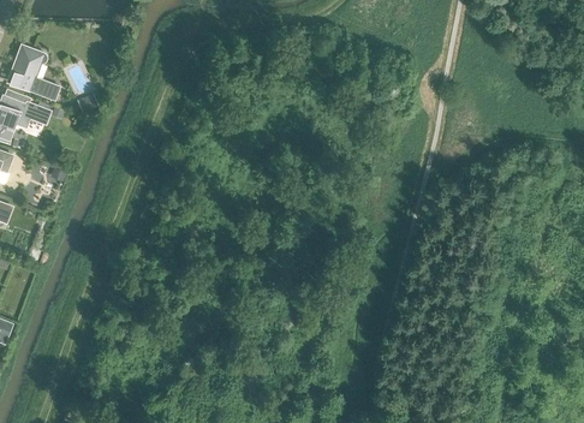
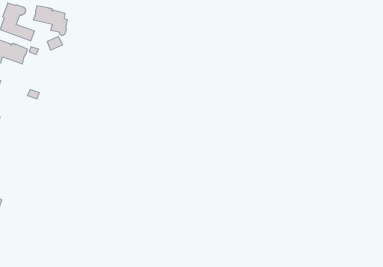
building: none -> [34,6,67,36]

